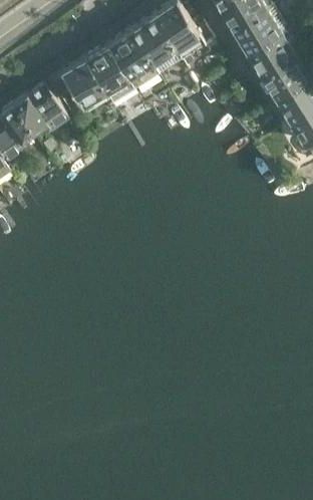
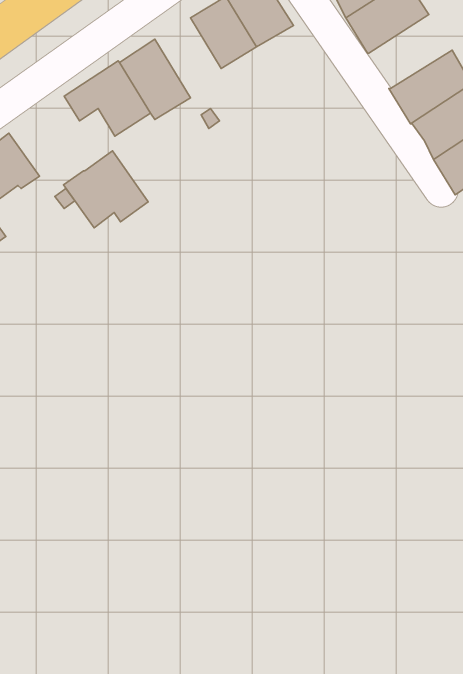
building: [247,30,301,78] -> none
building: [106,31,153,84] -> none
building: [12,85,67,136] -> [63,151,148,228]

